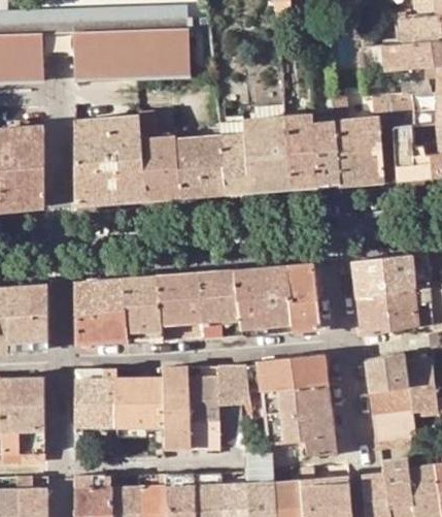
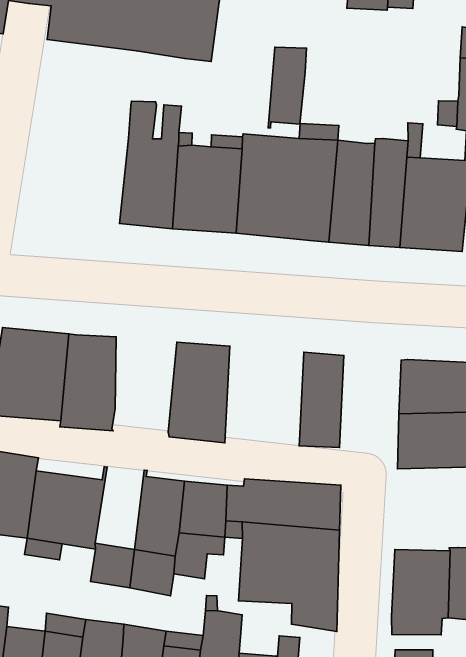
building: none -> [268,47,306,128]
building: [74,116,144,203] -> none
building: [234,266,292,337] -> none
building: [155,273,201,341] -> none
building: [366,353,408,392] -> none
building: [163,365,191,421] -> none

